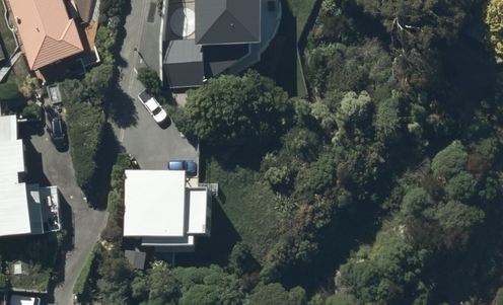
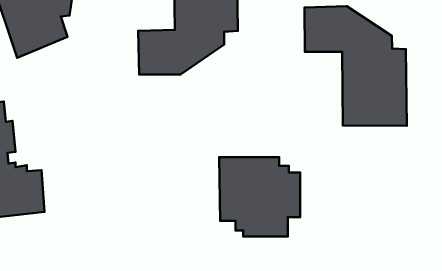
building: none -> [305,6,407,126]
building: [123,169,208,252] -> [219,157,300,236]

